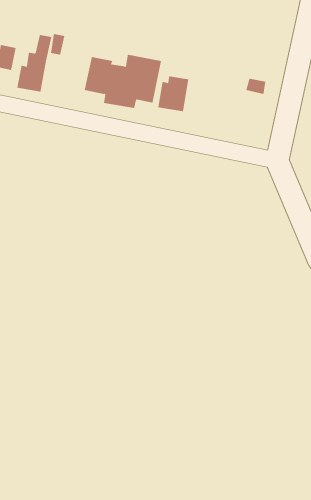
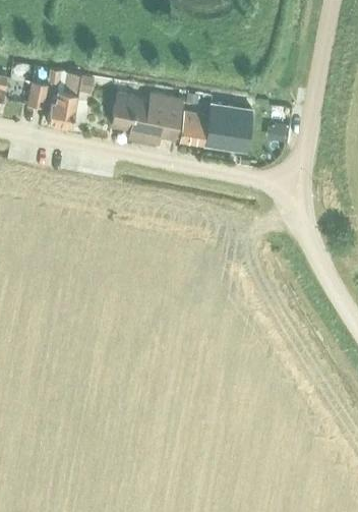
building: none -> [205,96,240,150]

